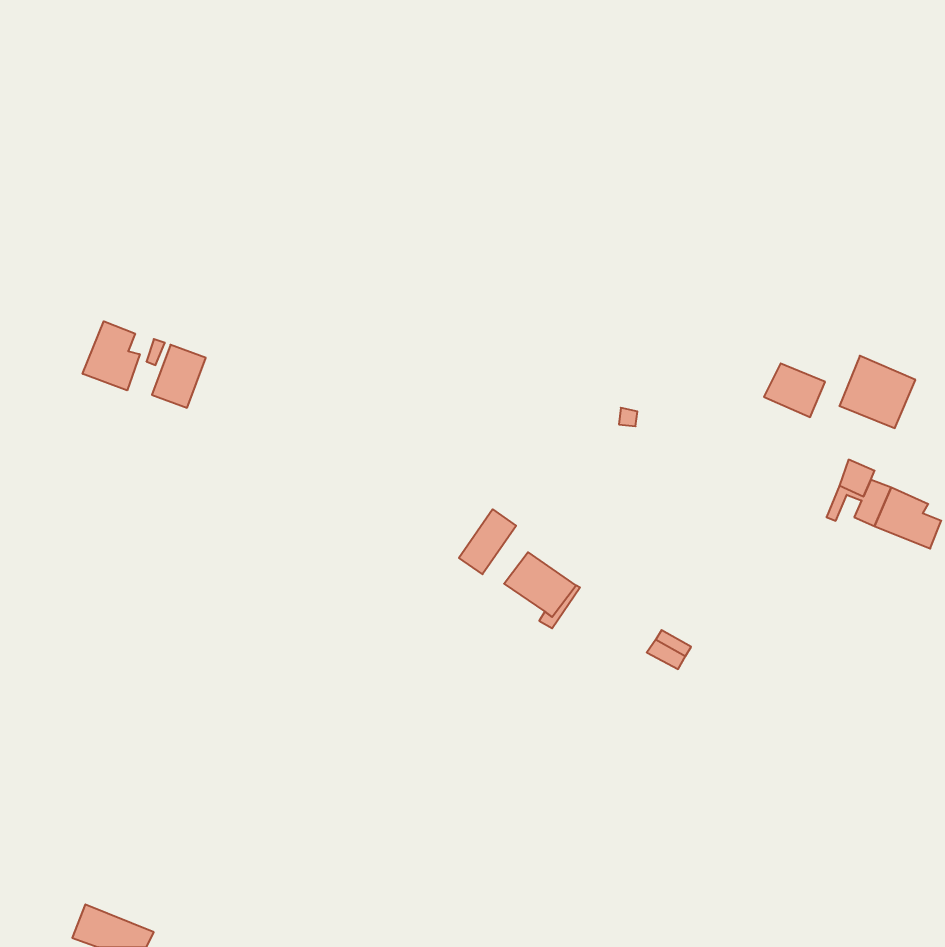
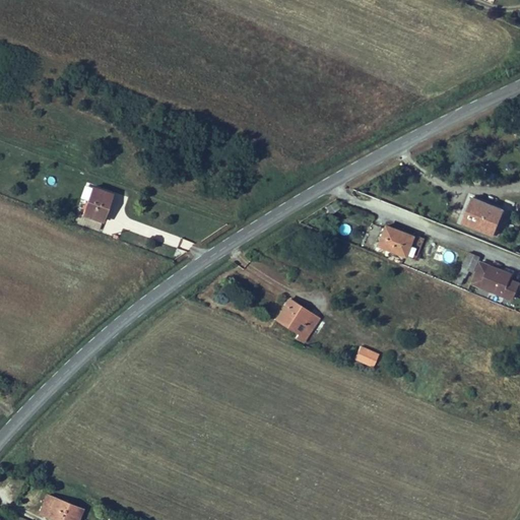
building: [83,321,140,390] -> none
building: [764,363,825,417] -> [376,228,409,257]
building: [459,509,516,574] -> none

